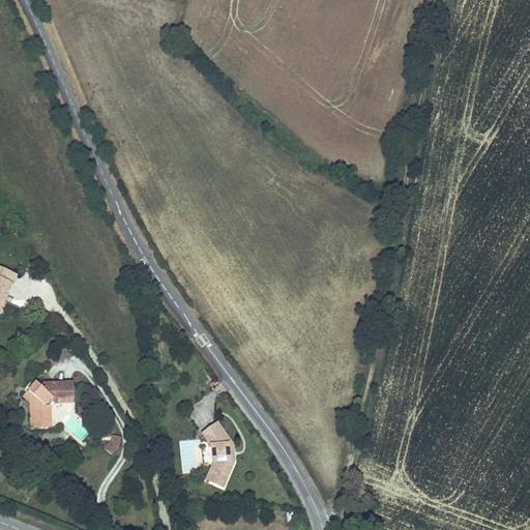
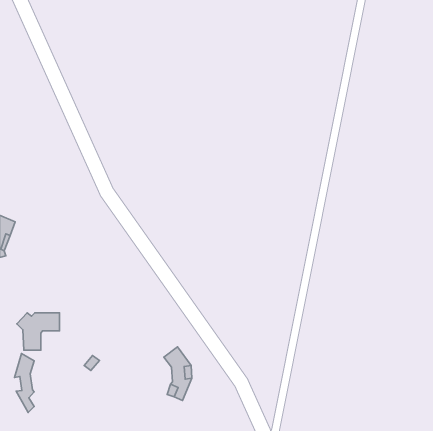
building: none -> [14,354,34,413]

